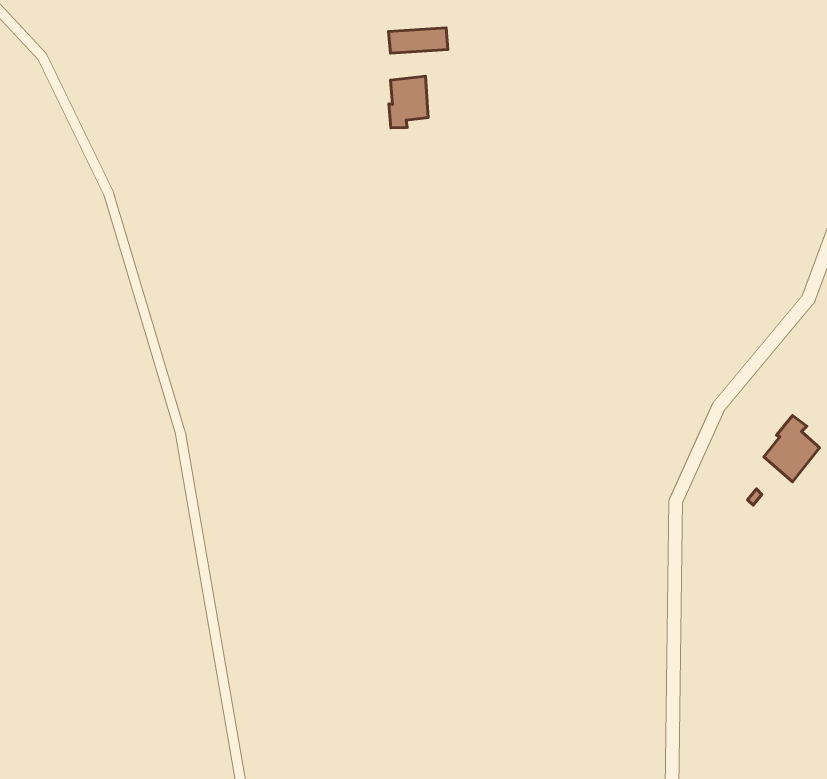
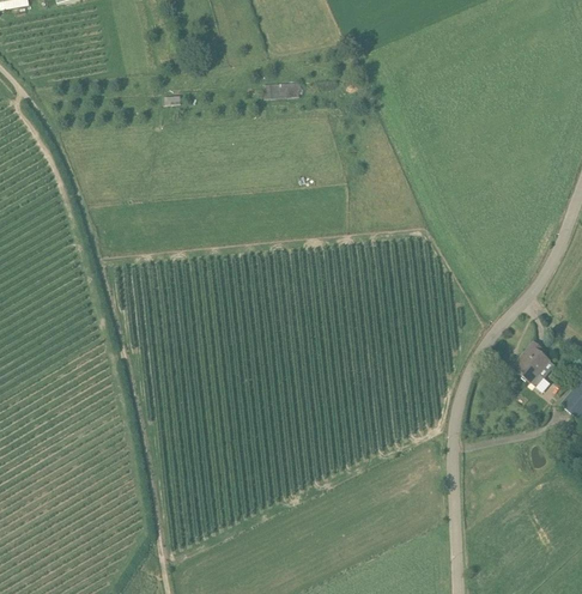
building: [389,76,428,128] -> none

